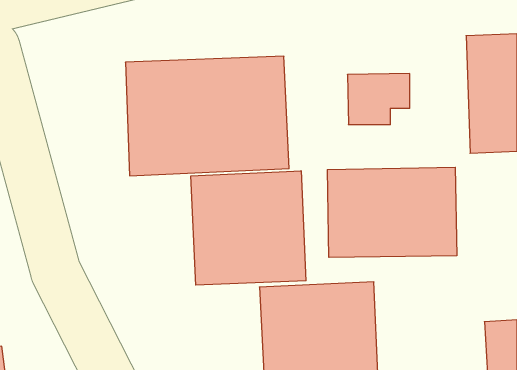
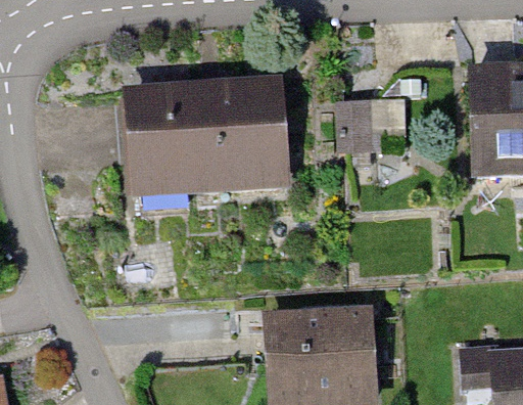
building: [327,167,457,257] -> none
building: [191,171,306,285] -> none

